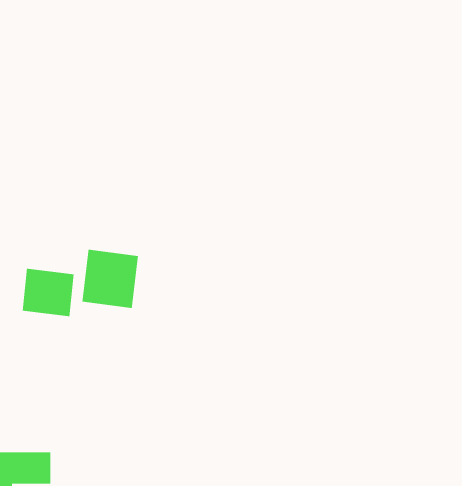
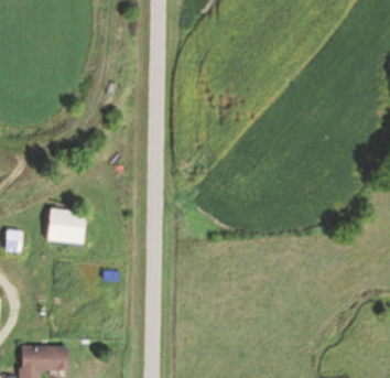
building: [82,249,139,309] -> none

